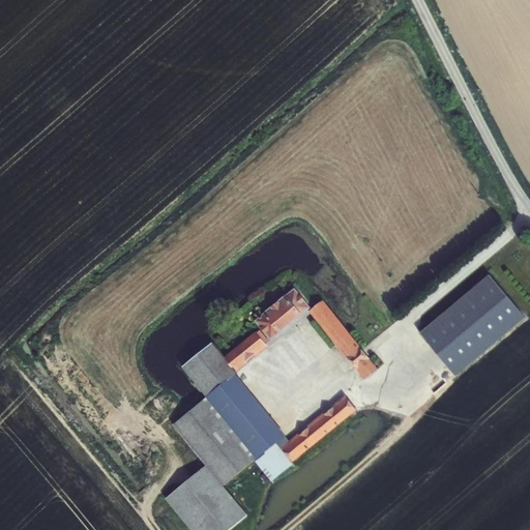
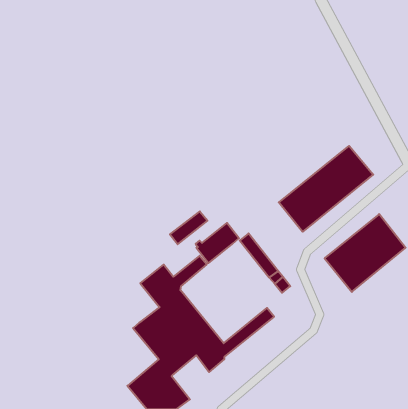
building: none -> [279,146,373,232]
building: none -> [170,211,207,244]

